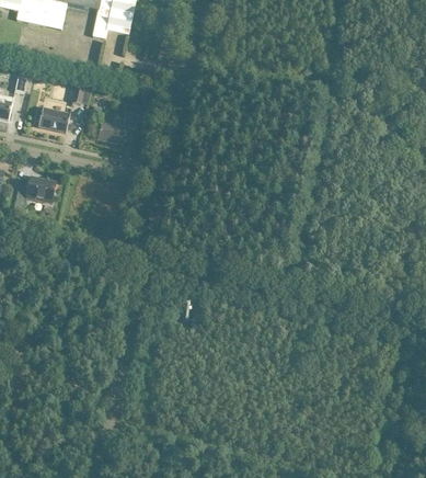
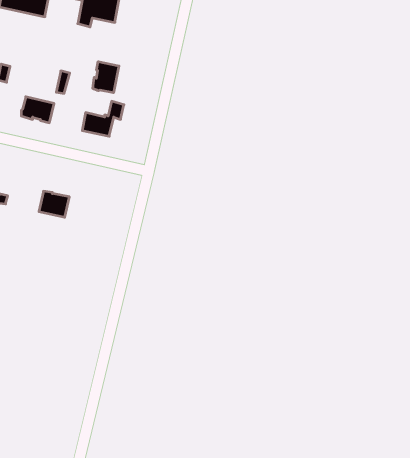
building: none -> [93,62,119,93]
building: [25,177,55,202] -> [39,191,69,217]

